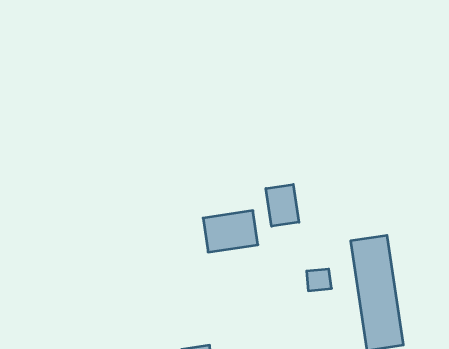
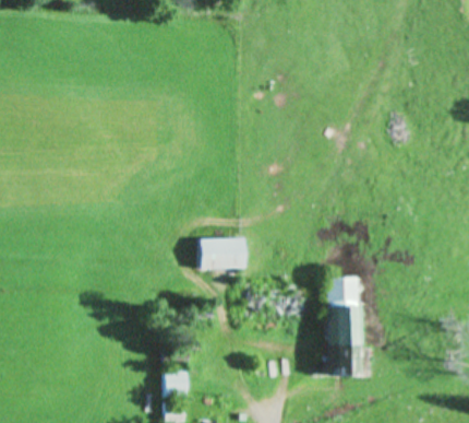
building: [266,184,299,226] -> none

